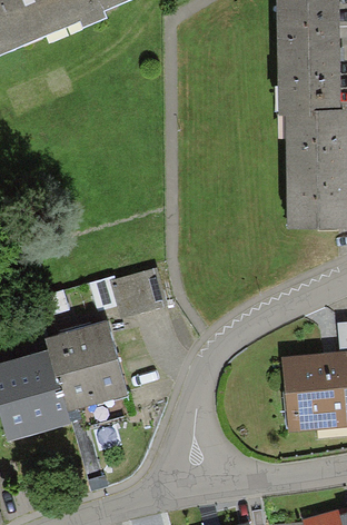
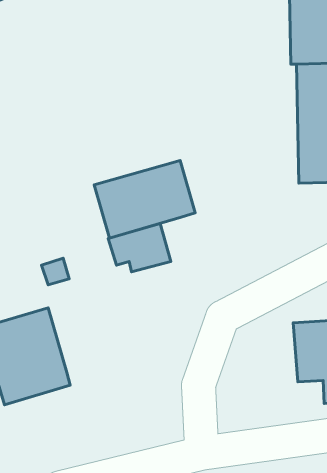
building: none -> [94,160,195,238]
building: [46,319,127,409] -> none

